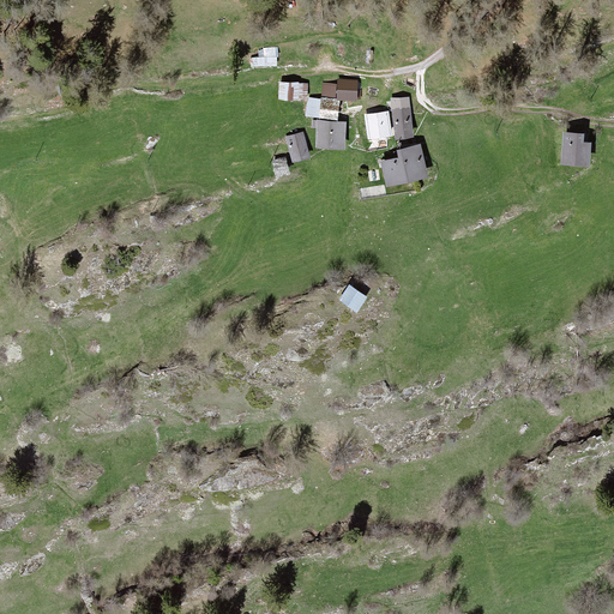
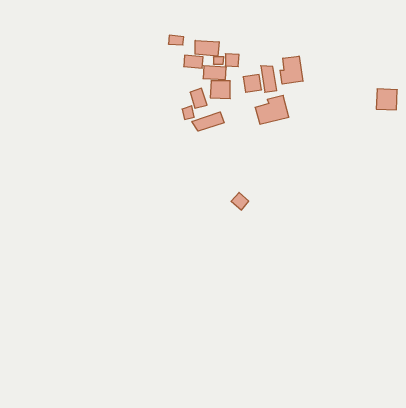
building: none -> [195,40,219,56]
building: none -> [280,56,303,84]
building: none -> [192,112,224,131]

